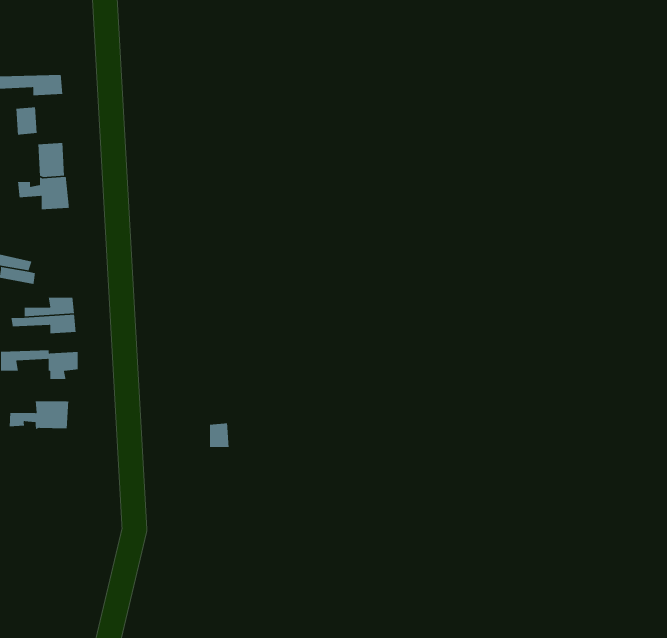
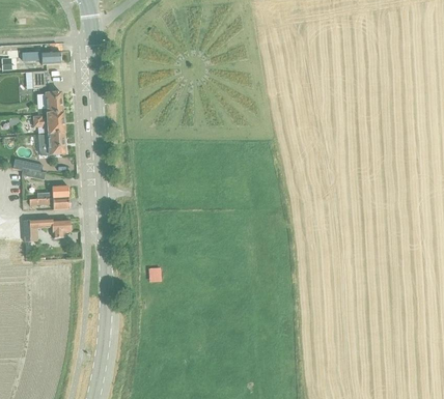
building: none -> [37,133,64,154]
building: [9,401,69,430] -> none

